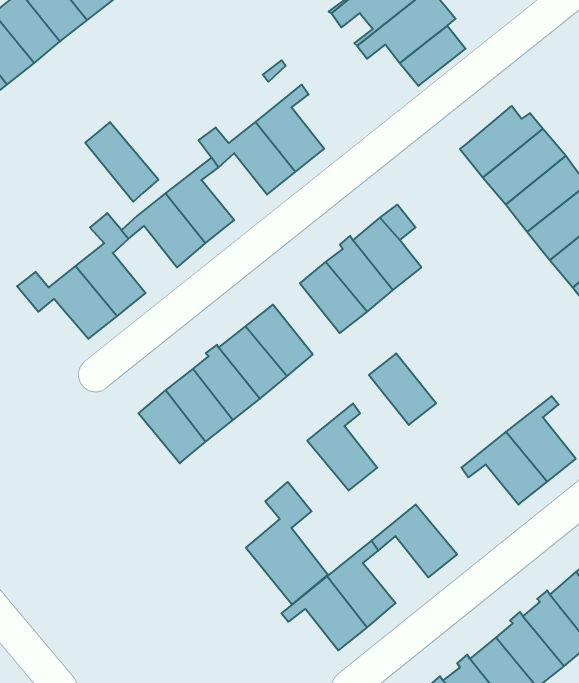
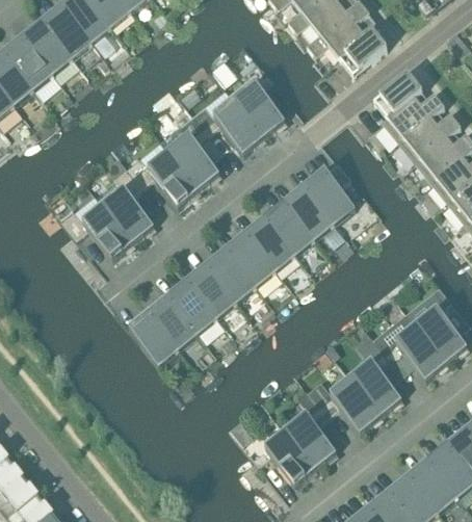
building: none -> [374,69,421,113]
building: [85,122,158,202] -> none
building: [369,353,436,425] -> [247,214,296,266]
building: [307,403,377,491] -> [351,348,402,412]
building: none -> [130,306,180,362]
building: [246,482,328,605] -> none

